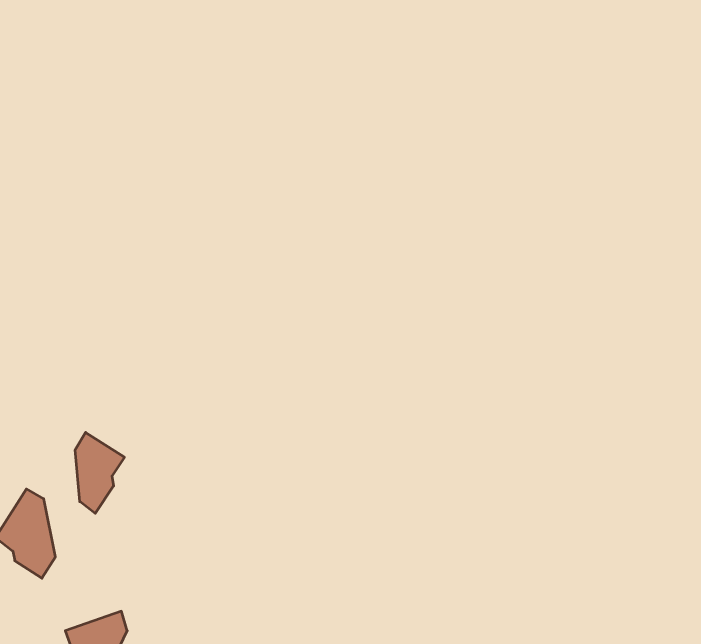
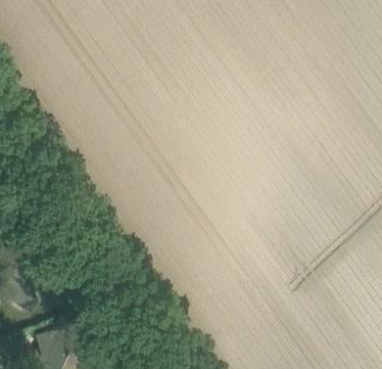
building: [75,432,124,513] -> none

